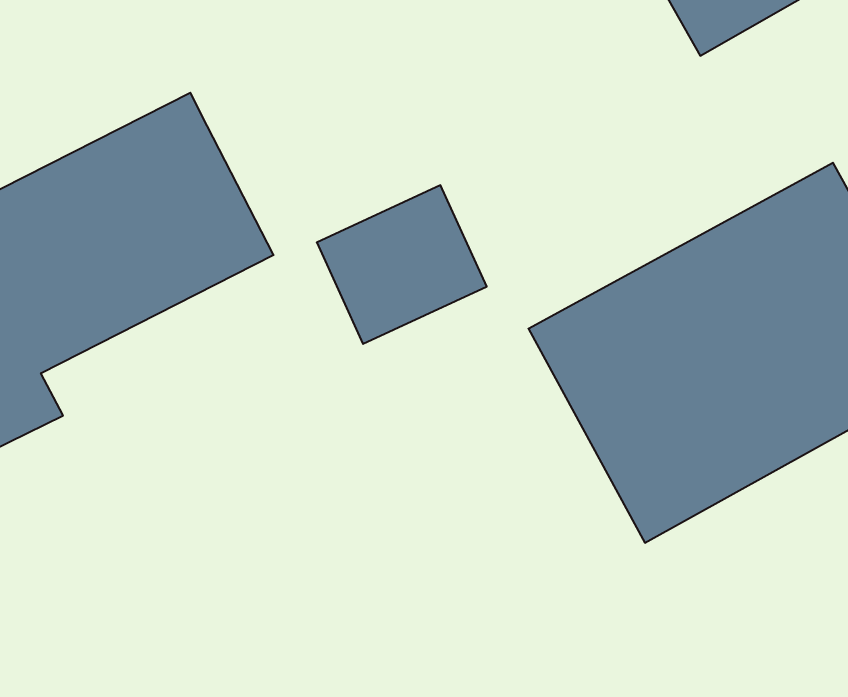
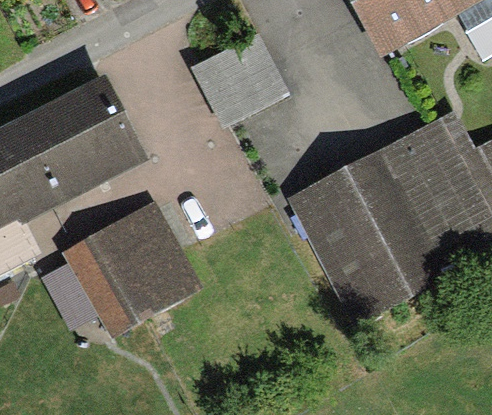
building: [317,185,487,344] -> [193,35,285,121]
building: none -> [41,199,203,336]

